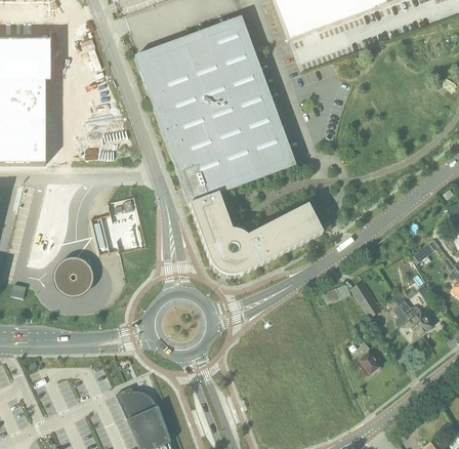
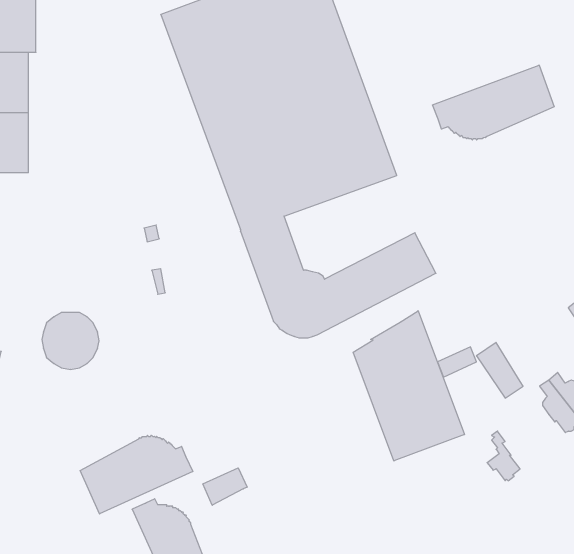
building: none -> [433,65,554,140]
building: none -> [353,311,464,461]
building: none -> [80,435,193,514]
building: none -> [203,468,247,505]

